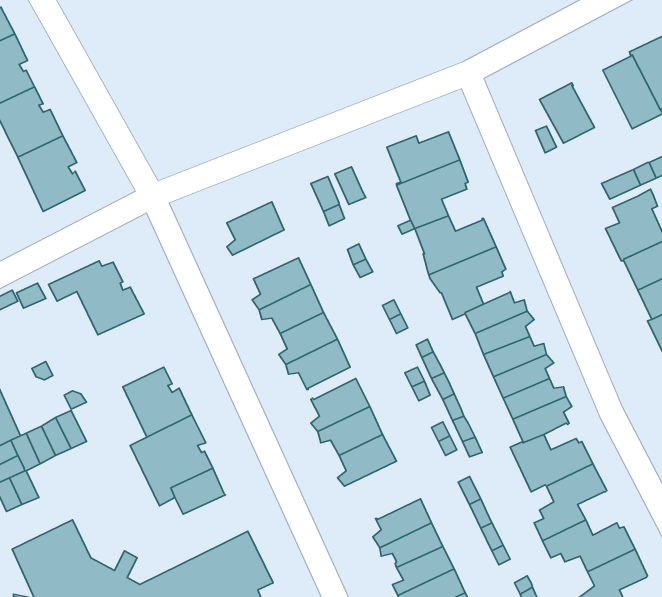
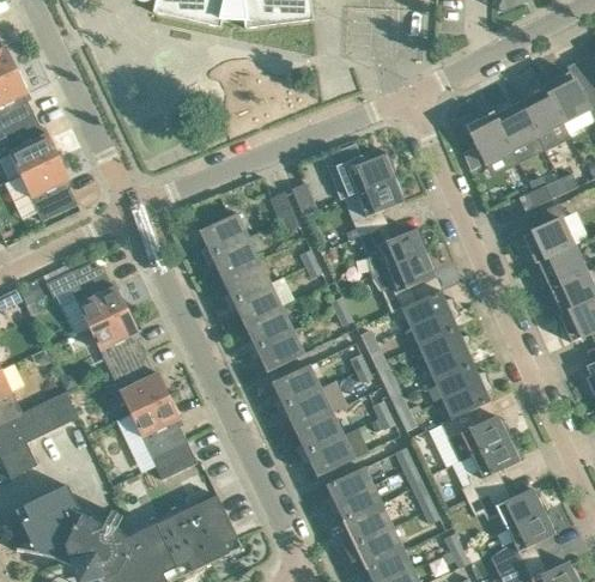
building: none -> [492,99,536,148]
building: none -> [202,236,259,278]
building: none -> [87,308,144,370]
building: none -> [298,434,353,477]

